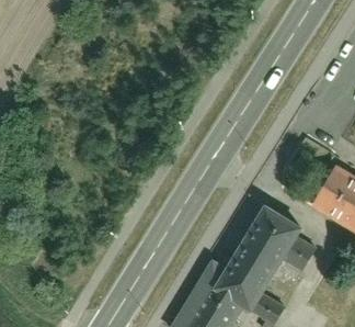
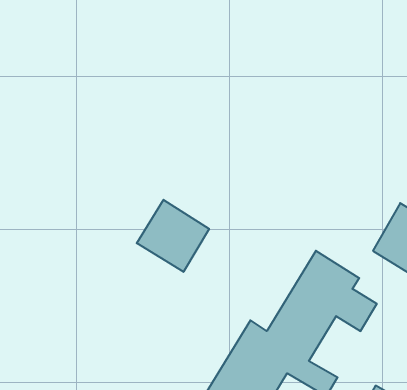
building: none -> [137,200,209,272]

